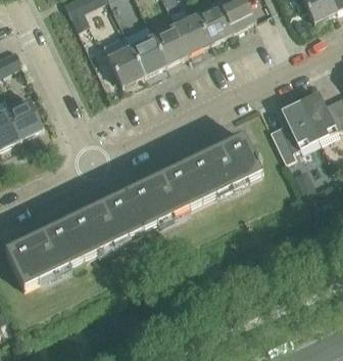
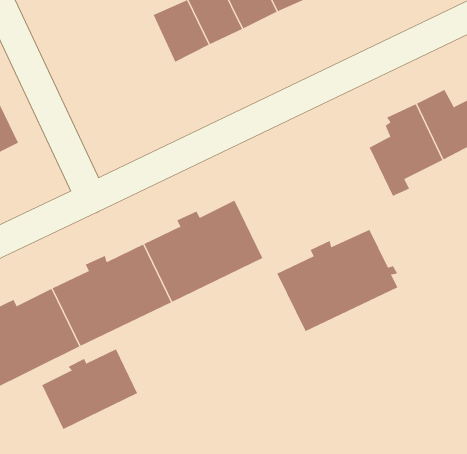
building: [108,44,145,85] -> none
building: [184,135,262,201] -> [277,229,398,332]
building: none -> [41,348,138,430]

